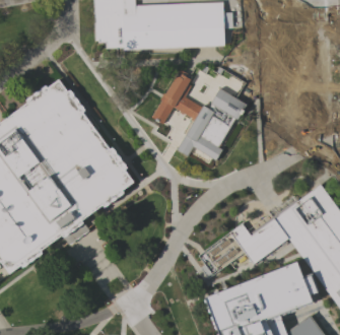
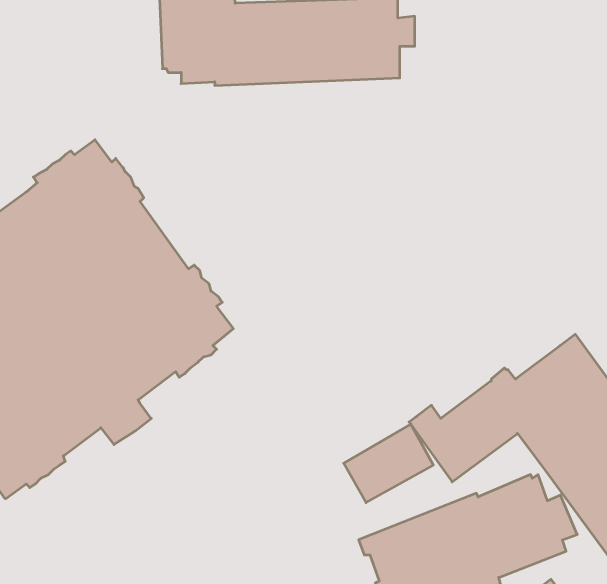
building: [152,69,248,160] -> none

